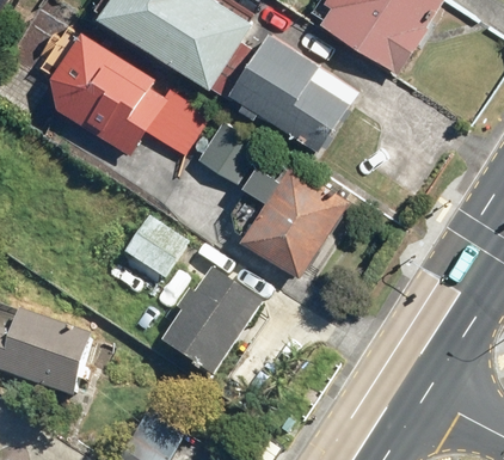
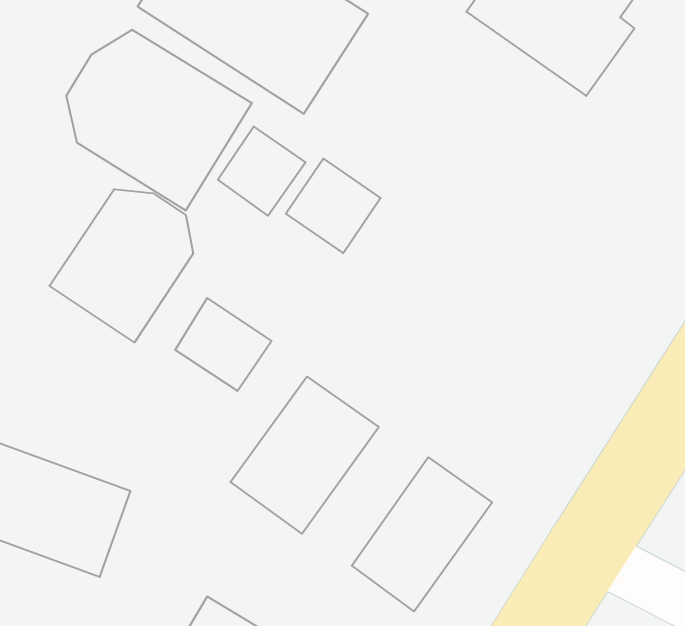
building: [227,32,358,154] -> none
building: none -> [49,189,193,342]
building: [242,161,349,276] -> none
building: none -> [352,457,492,611]

